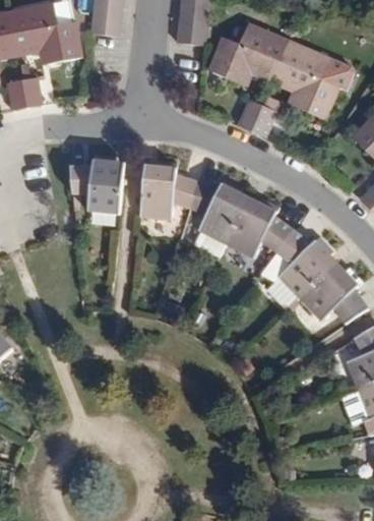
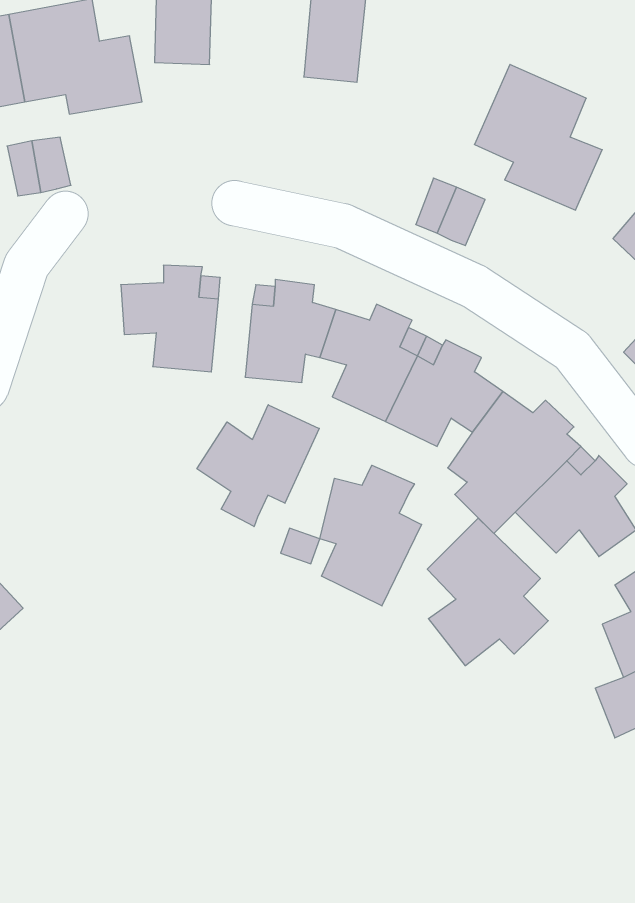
building: [208,19,293,84] -> none
building: none -> [197,405,319,527]
building: none -> [320,465,422,606]
building: none -> [427,518,548,666]

